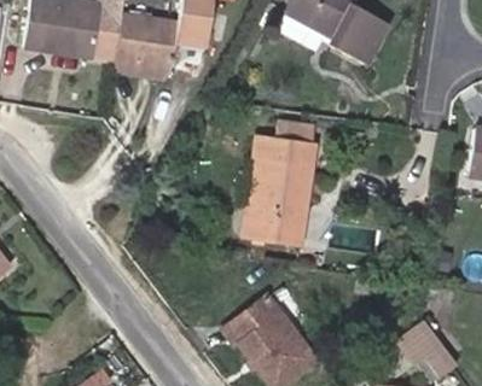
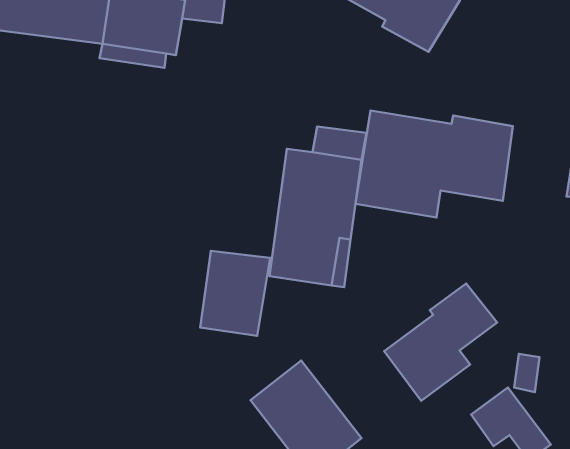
building: none -> [355,110,513,217]
building: none -> [200,251,270,336]
building: none -> [384,284,497,401]

